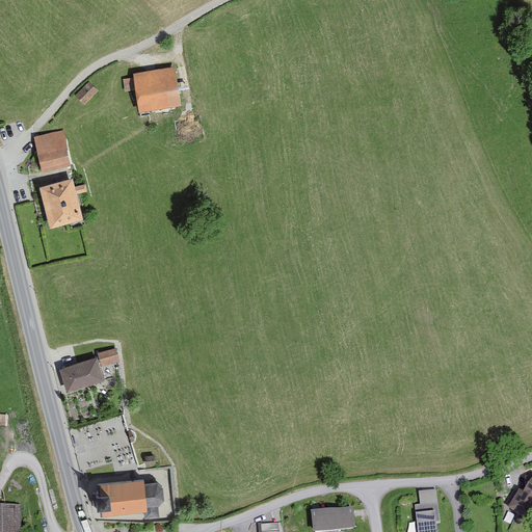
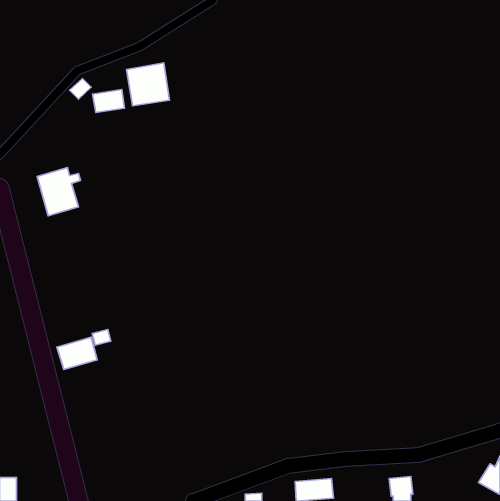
building: none -> [93,89,124,112]
building: [33,131,70,172] -> none
building: [100,477,161,511] -> none

